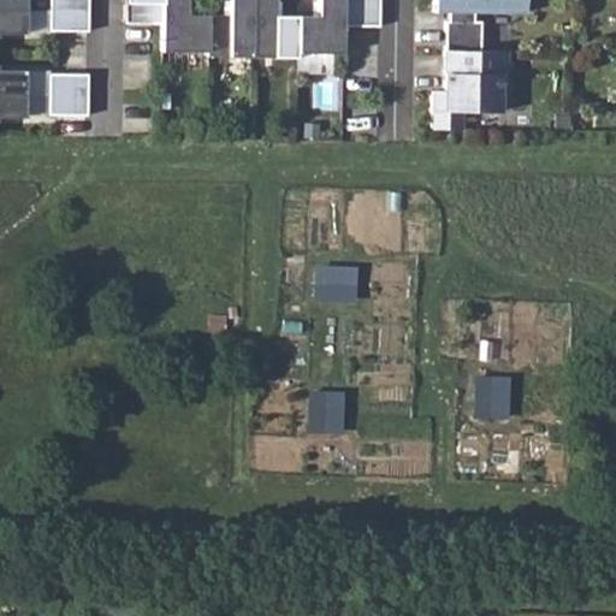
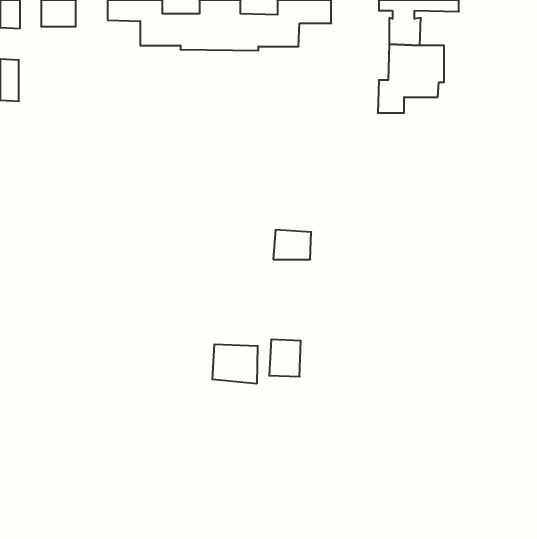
building: [48,73,89,114] -> none
building: [475,374,511,415] -> none
building: none -> [212,344,258,384]

